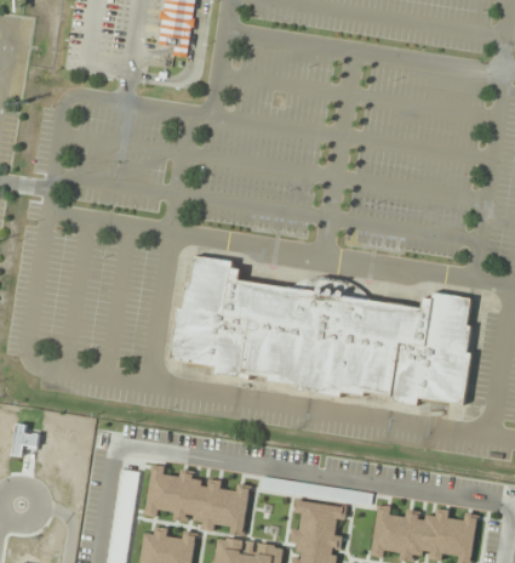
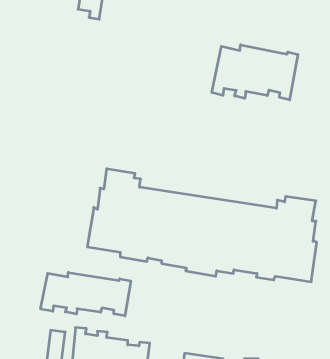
building: none -> [212,45,298,100]
building: none -> [41,272,131,316]

